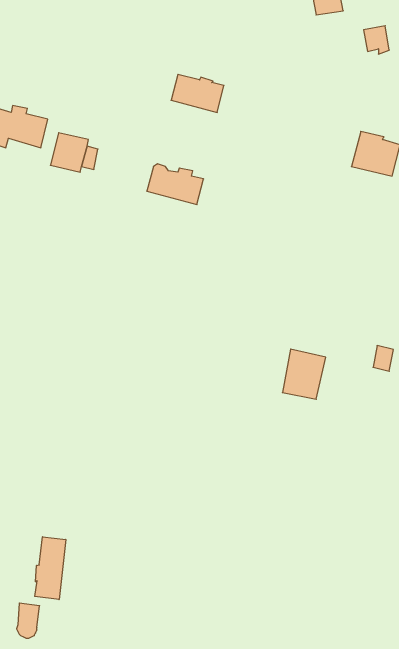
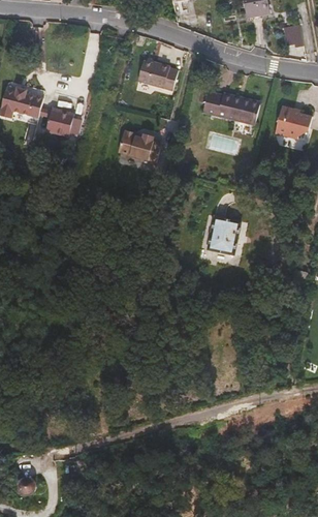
building: none -> [202,90,260,124]
building: [282,349,326,399] -> [208,215,241,253]
building: [35,537,66,600] -> none

